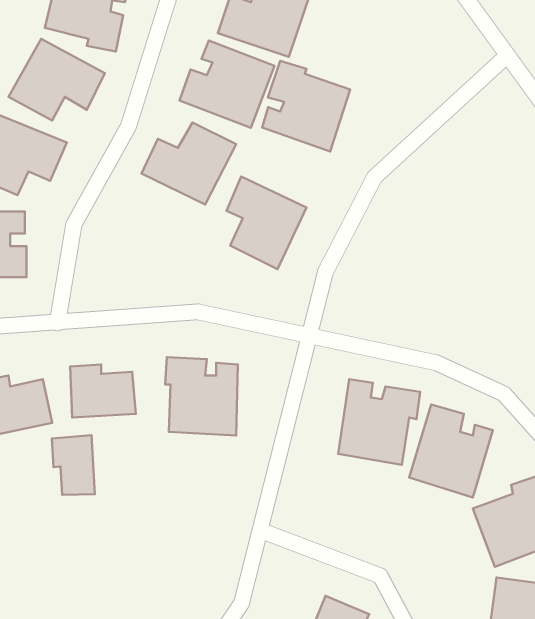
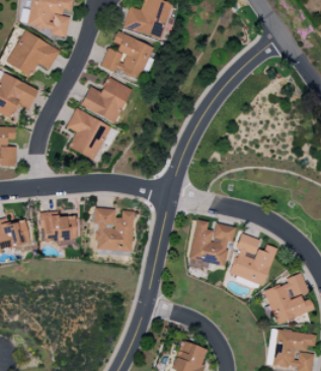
building: [262,61,350,151] -> none
building: [226,176,307,269] -> [67,108,111,160]
building: [52,435,95,495] -> none

